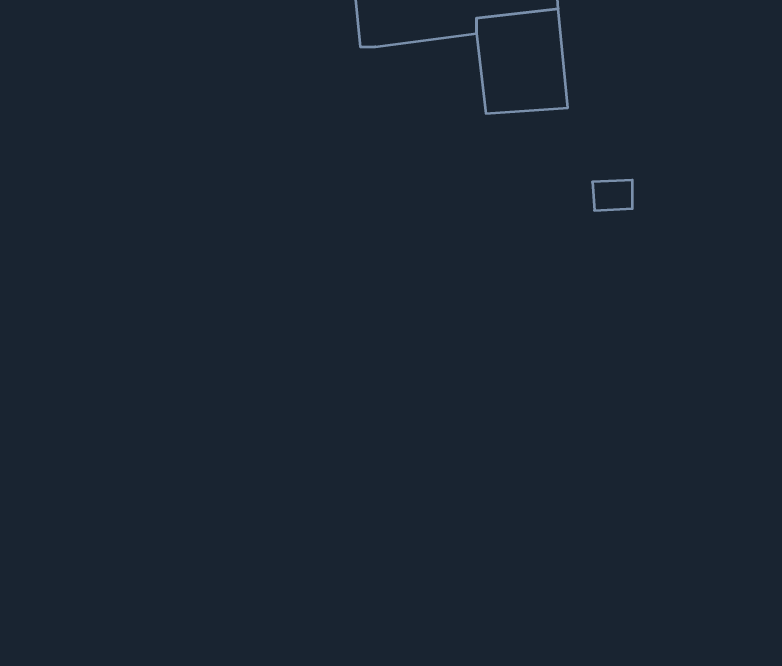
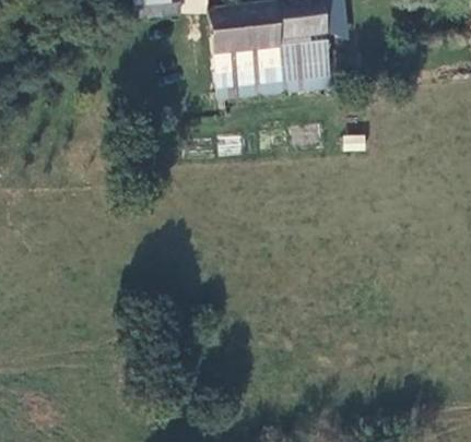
building: none -> [224,44,287,96]

